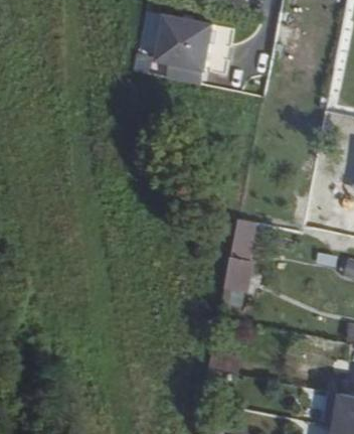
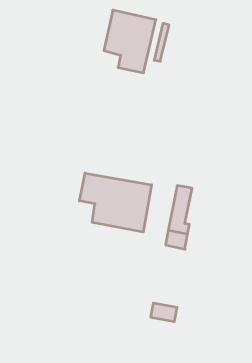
building: none -> [79,173,152,232]

